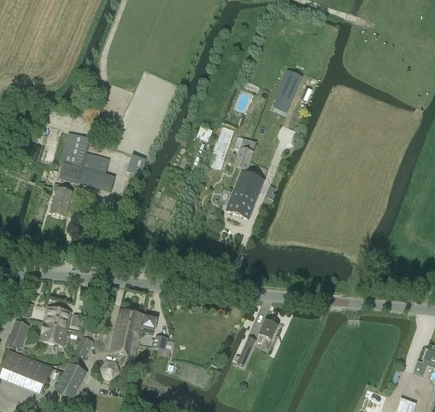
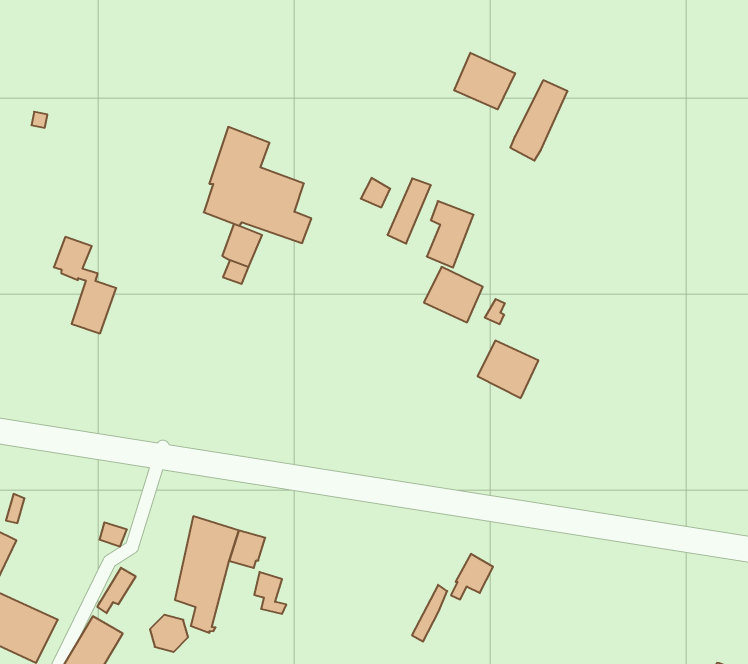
building: none -> [454,53,515,109]
building: [58,132,114,190] -> [204,127,311,243]
building: [225,189,256,219] -> [478,341,538,398]
building: [39,306,71,345] -> none

